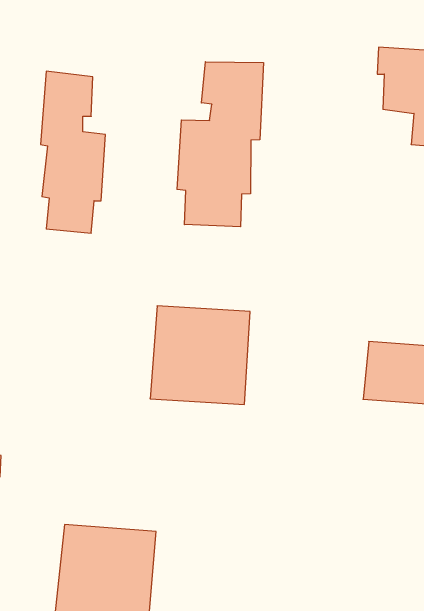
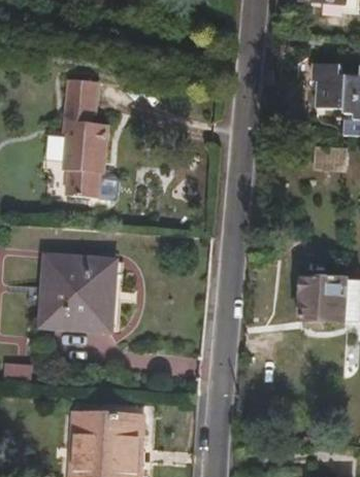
building: [177,62,263,227] -> none
building: [150,306,250,404] -> [42,257,116,329]

